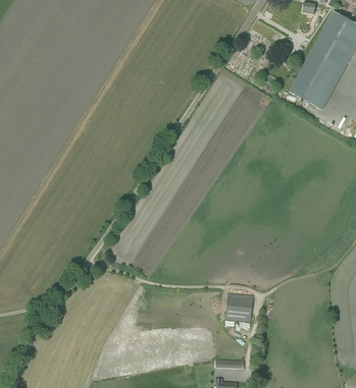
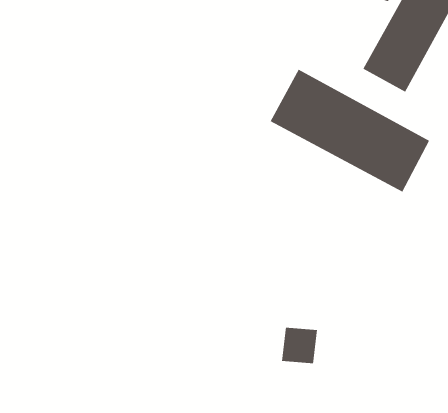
building: none -> [270,69,430,192]

